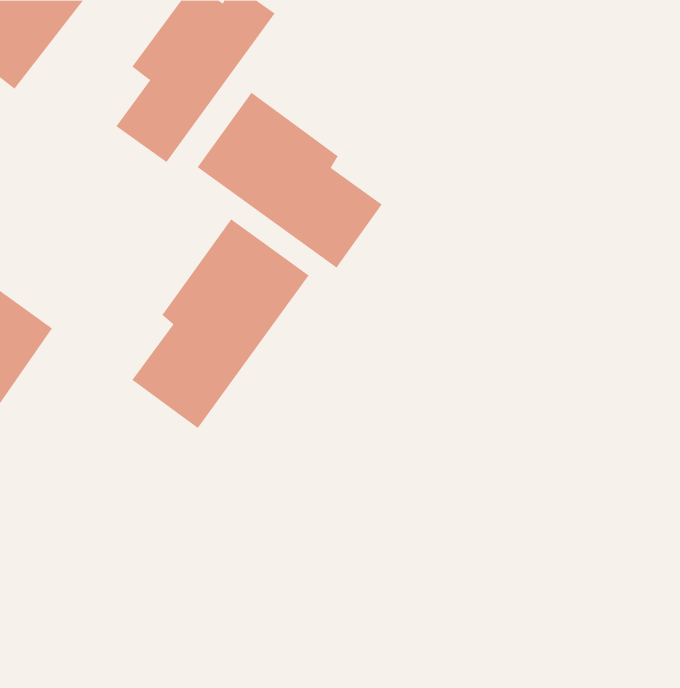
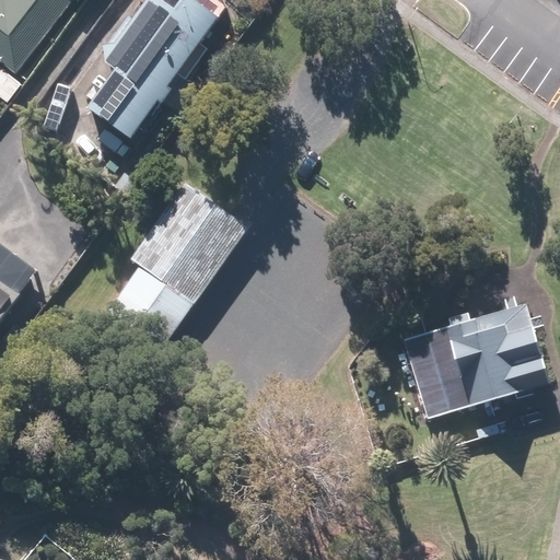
building: [197,92,383,268] -> none
building: none -> [394,302,542,419]

